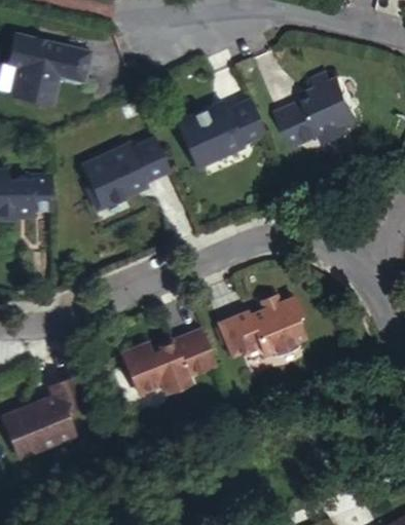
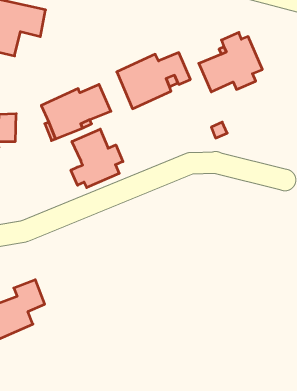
building: none -> [71,129,123,188]
building: [214,297,303,360] -> none
building: [122,332,214,398] -> none

